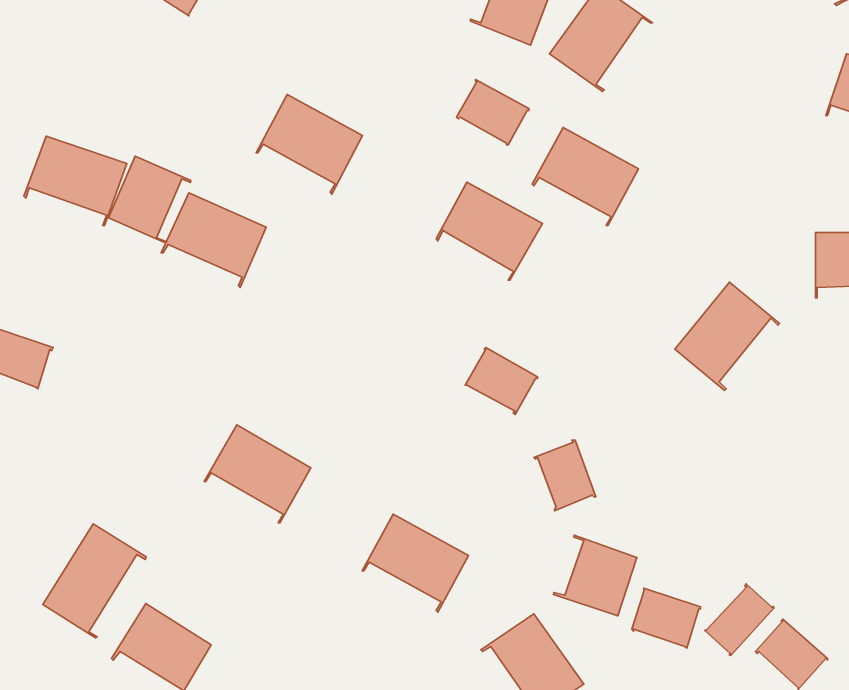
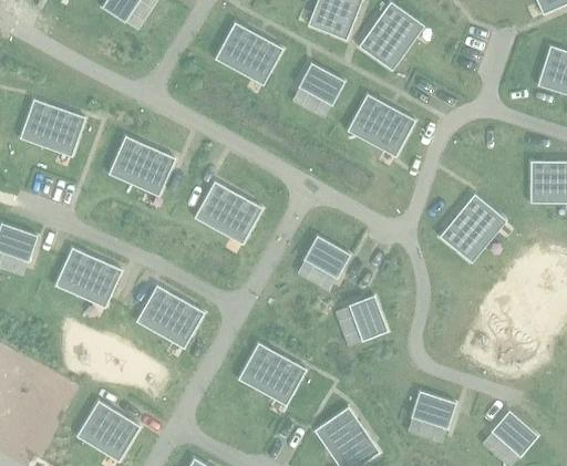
building: [256,94,363,194] -> [214,23,282,87]
building: [108,156,191,242] -> none
building: [436,182,543,280] -> [194,183,262,246]
building: none -> [54,249,122,310]
building: [43,524,146,638] -> none
building: [554,535,637,616] -> none
building: [705,584,774,656] -> none

